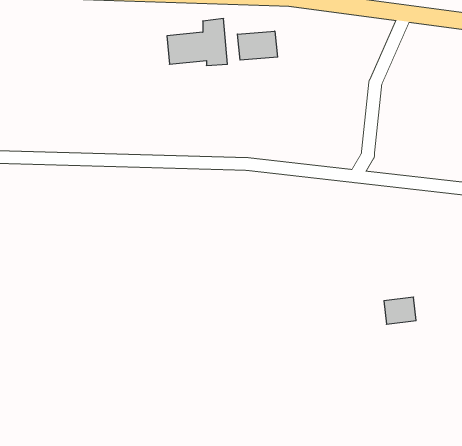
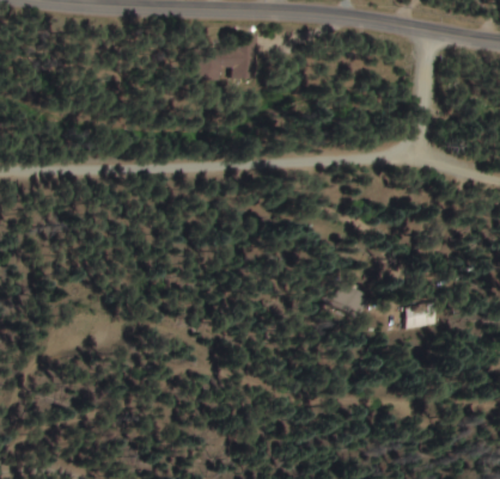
building: [237,31,278,60] -> none

